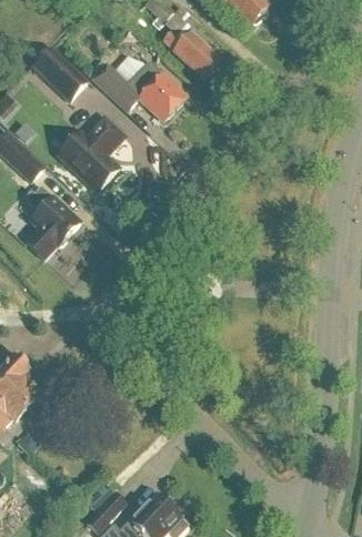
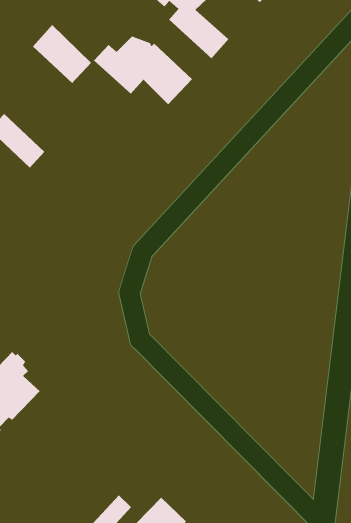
building: [58,115,124,191] -> none
building: [26,184,82,259] -> none

